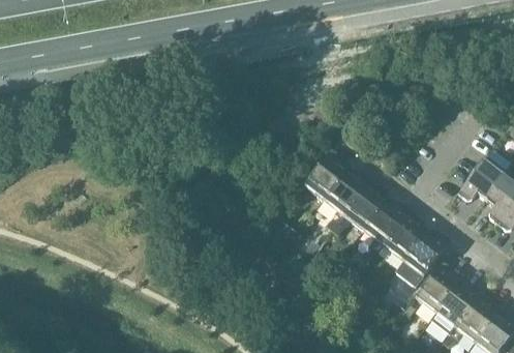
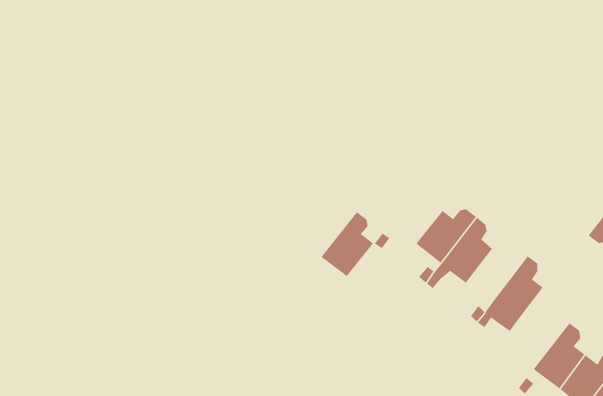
building: [303,150,344,201] -> [321,212,374,277]
building: [363,205,411,246] -> none
building: [395,235,451,288] -> none

